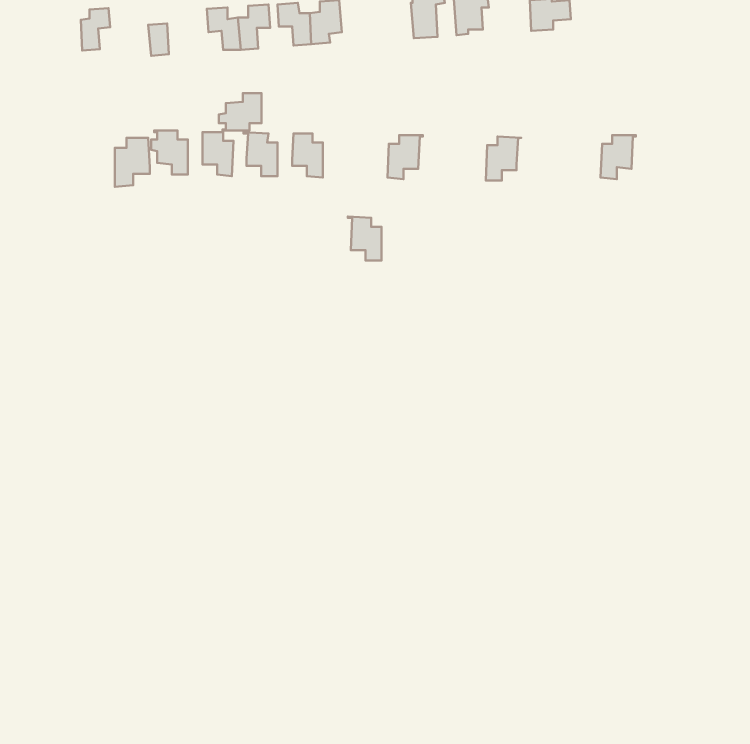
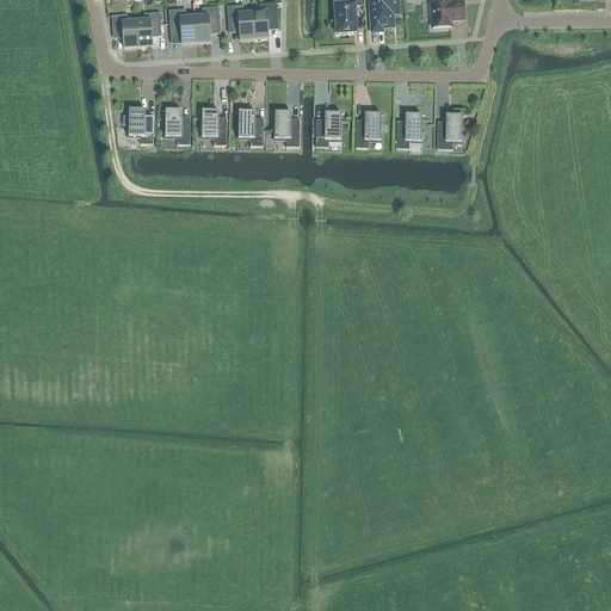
building: [81,8,110,51] -> [136,10,160,44]
building: [219,93,261,131] -> none
building: [601,135,636,179] -> [436,112,464,148]
building: none -> [354,111,383,146]
building: [115,138,150,187] -> none
building: [348,217,382,261] -> [271,109,298,144]

